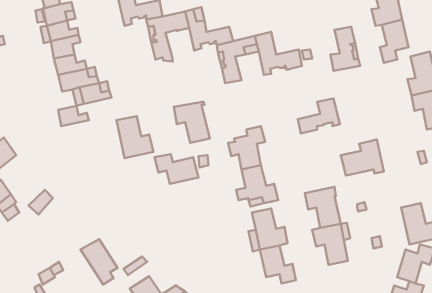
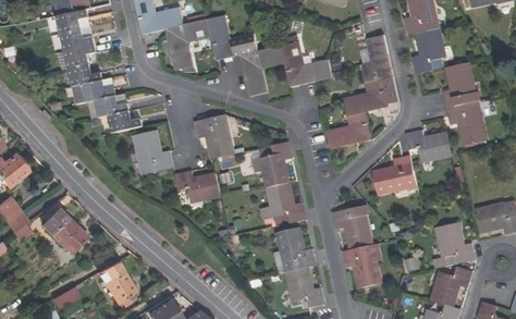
building: none -> [343,76,398,114]
building: [58,106,89,126] -> [109,110,142,132]
building: none -> [405,130,451,160]
building: none -> [51,217,87,253]

